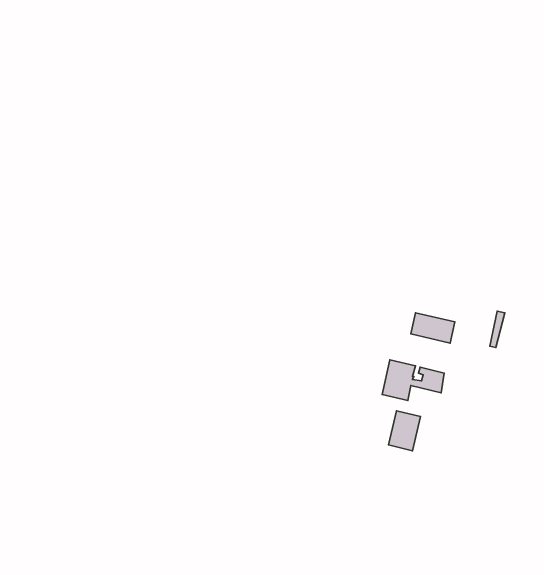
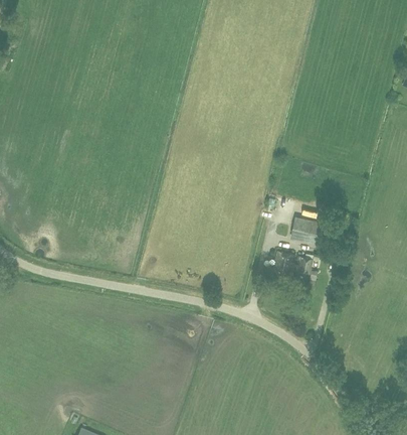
building: [389,411,421,451] -> none

